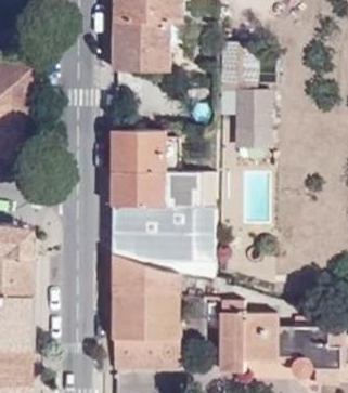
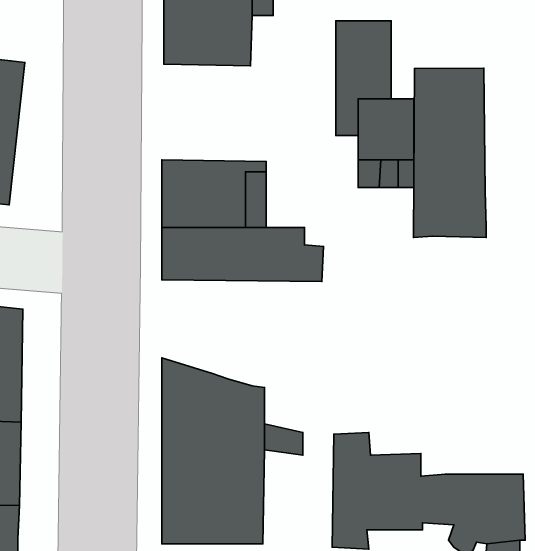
building: none -> [414,68,486,238]
building: [114,205,214,278] -> none

